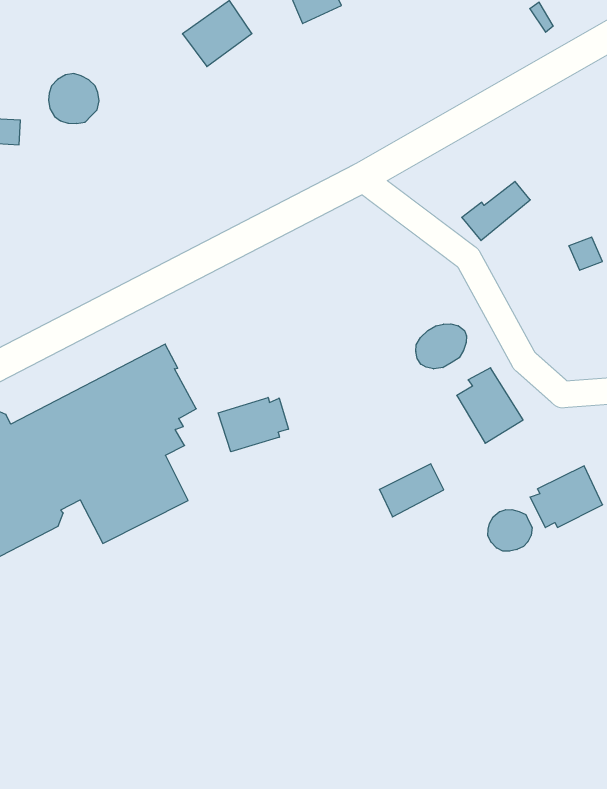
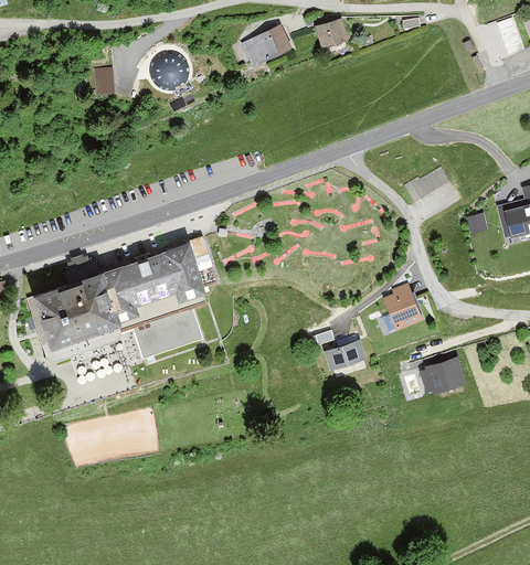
building: [416,324,466,369] -> none
building: [218,397,288,452] -> none
building: [488,510,532,551] -> none

